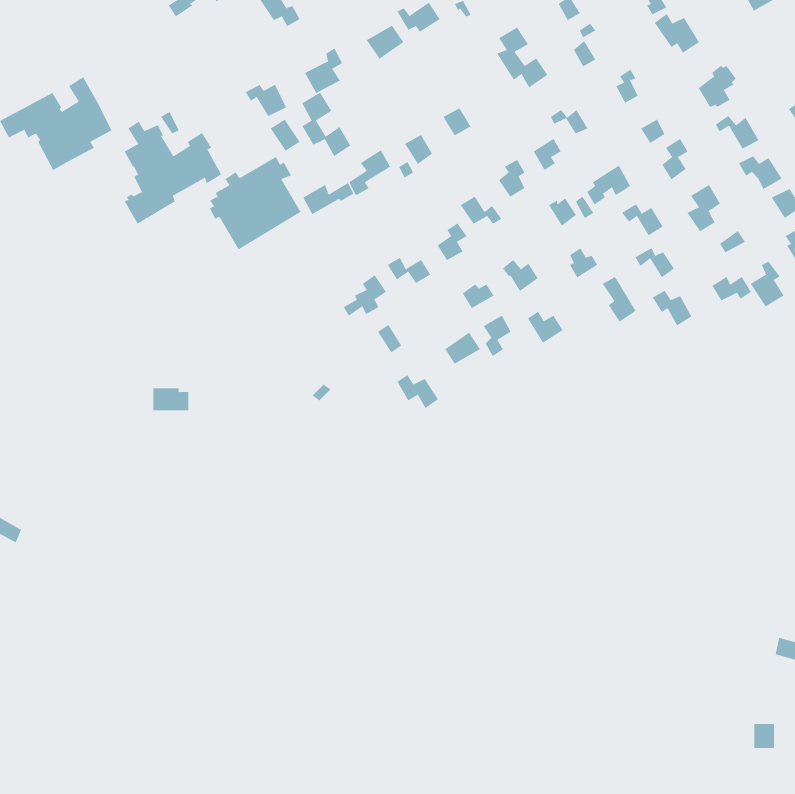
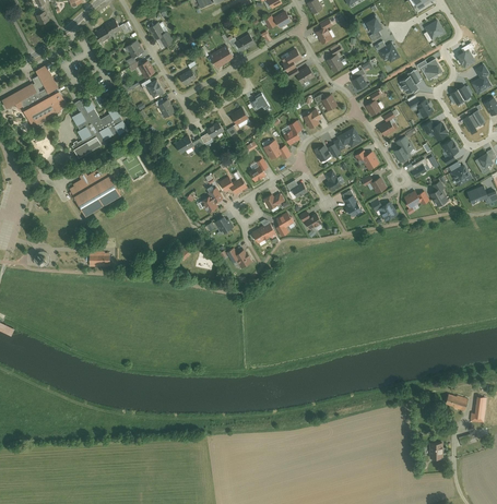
building: [301,92,351,157] -> [126,39,154,76]
building: [209,156,301,250] -> [70,165,122,218]

